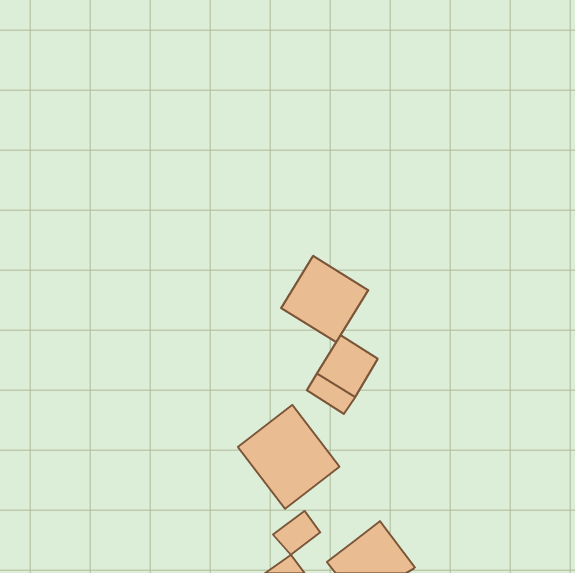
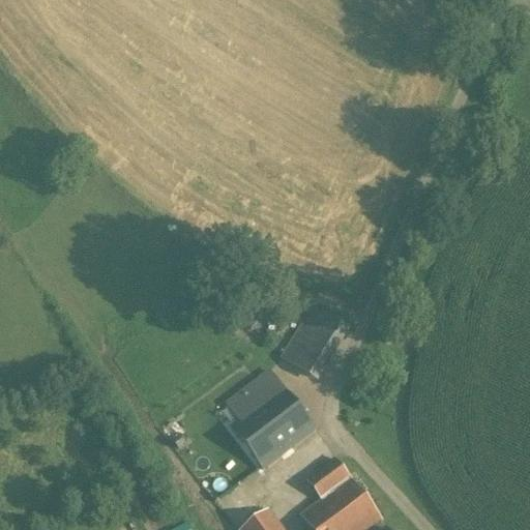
building: [281,256,368,342] -> none
building: [273,511,320,555] -> [306,459,350,499]

